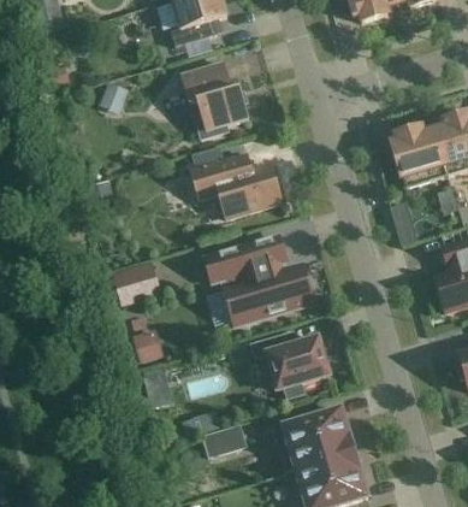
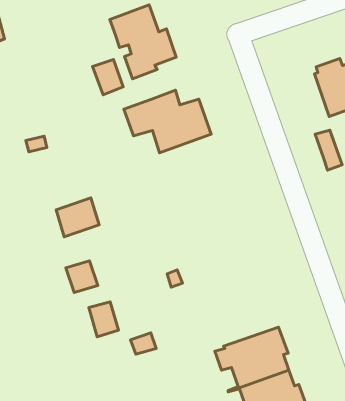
building: none -> [92,59,123,95]
building: [206,236,313,324] -> none
building: [254,330,330,399] -> none
building: [202,424,245,456] -> none

